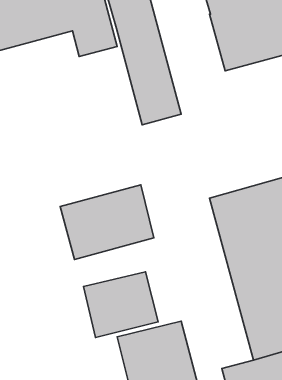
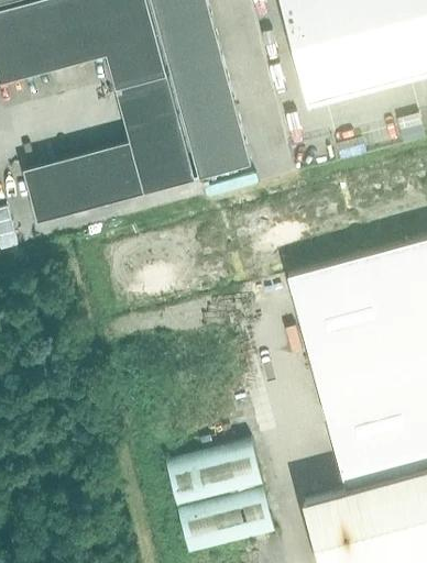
building: none -> [24,76,195,223]
building: [60,185,154,260] -> none
building: [83,272,158,337] -> none

